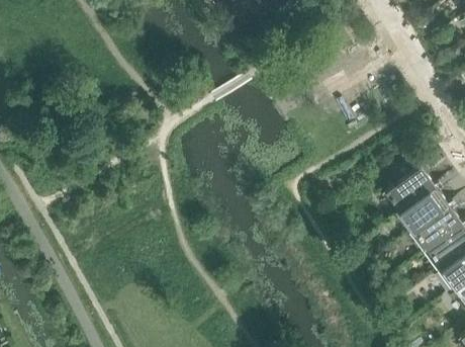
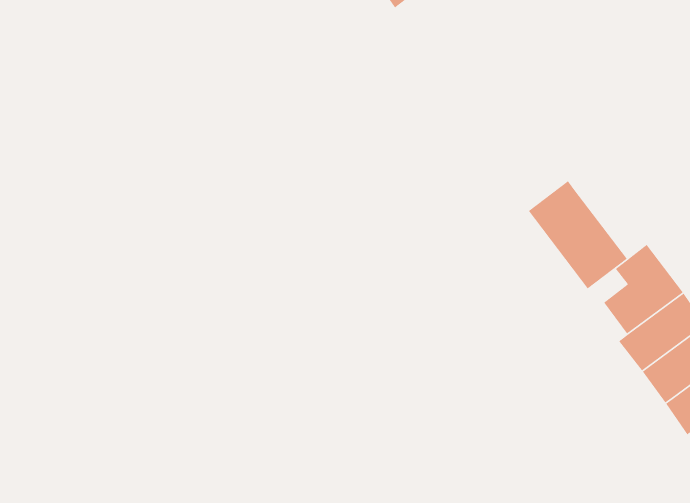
building: none -> [528,180,628,289]

